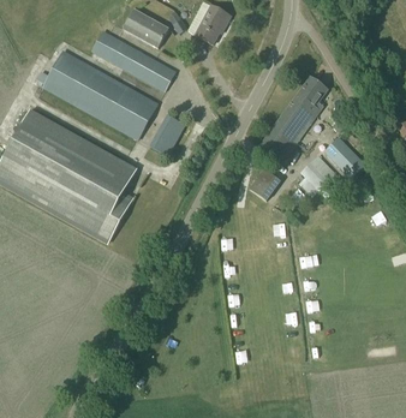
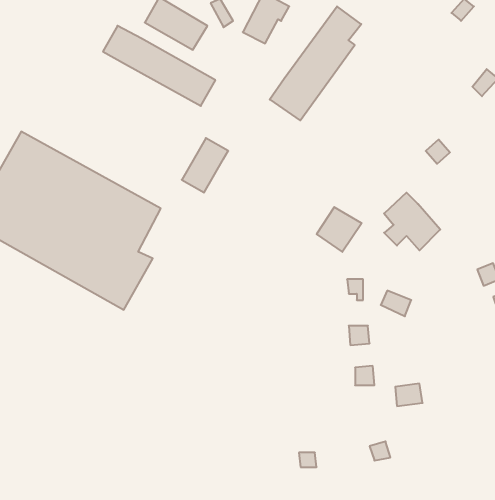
building: [43,50,157,139] -> none
building: [259,76,328,161] -> [270,6,361,120]
building: [324,136,365,178] -> none

